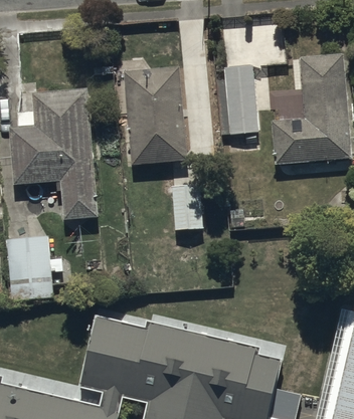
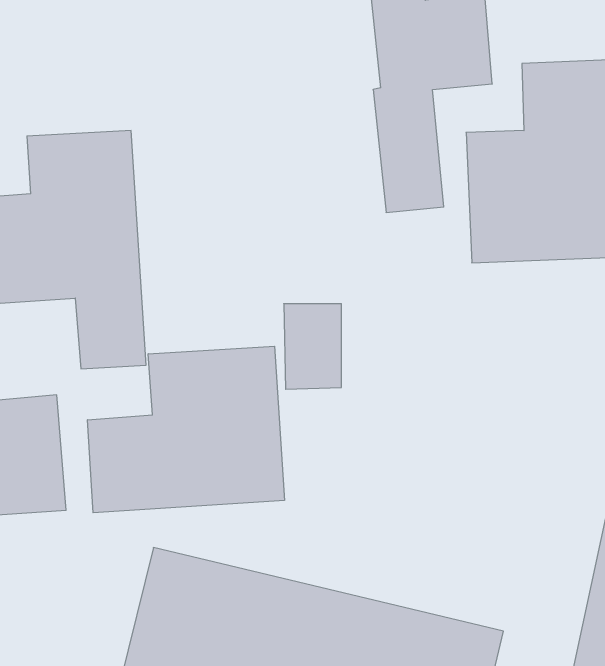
building: [122,64,188,165] -> none
building: none -> [88,346,284,513]

